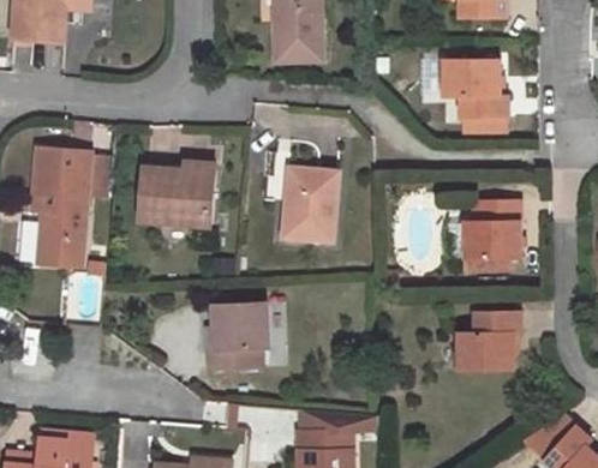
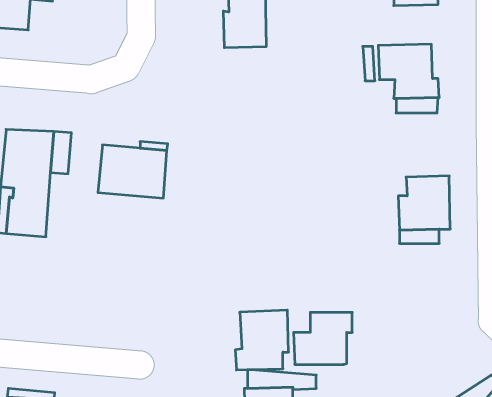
building: [282,166,337,240] -> none
building: [209,302,267,367] -> [235,310,289,370]
building: [456,311,520,367] -> [294,312,352,364]

